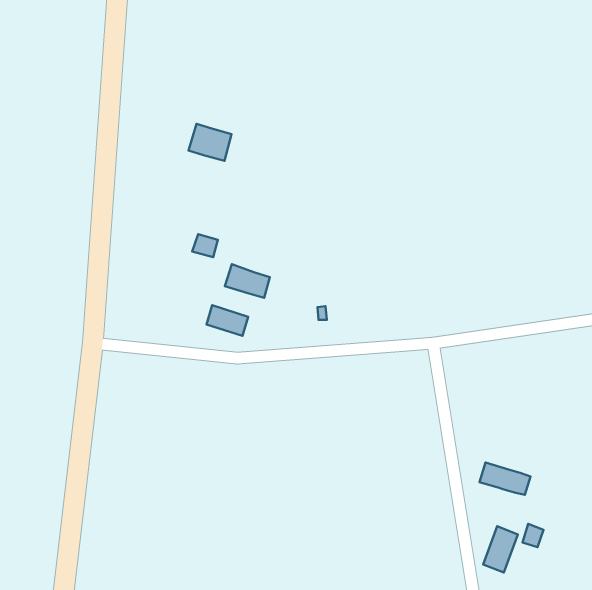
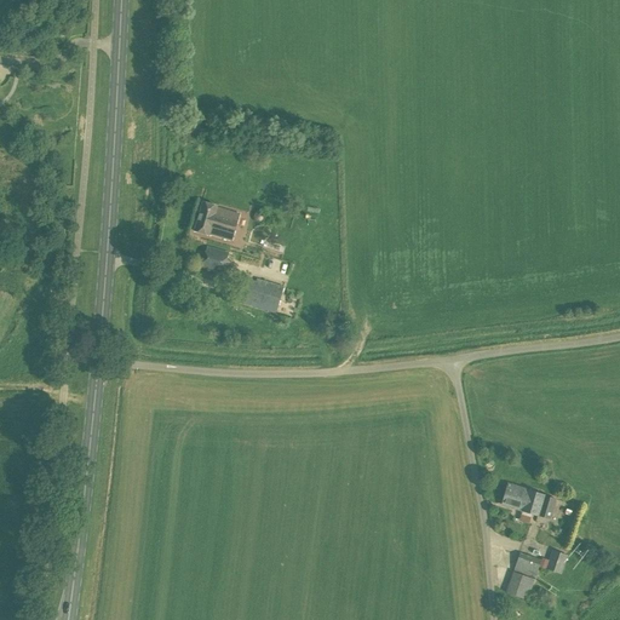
building: [189,124,231,161] -> [193,200,237,239]
building: [207,305,248,336] -> none

